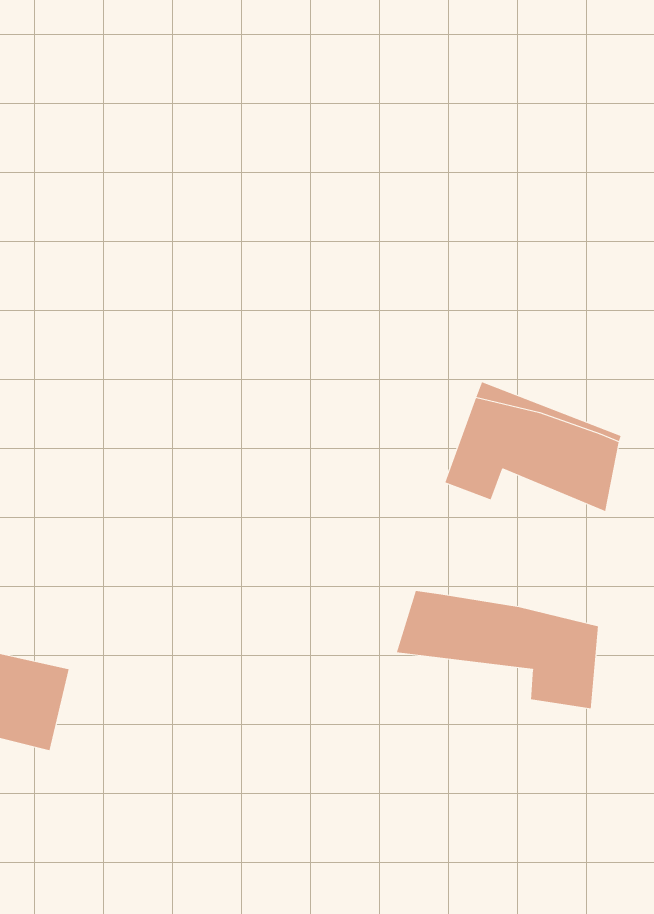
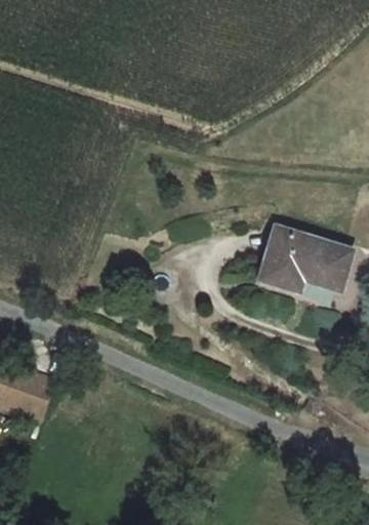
building: [396,590,599,709] -> none

